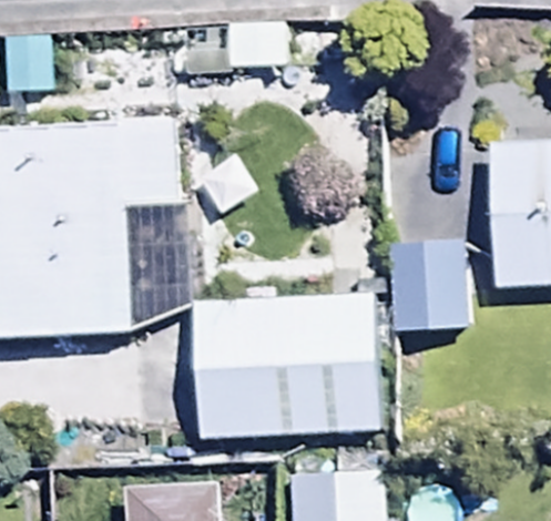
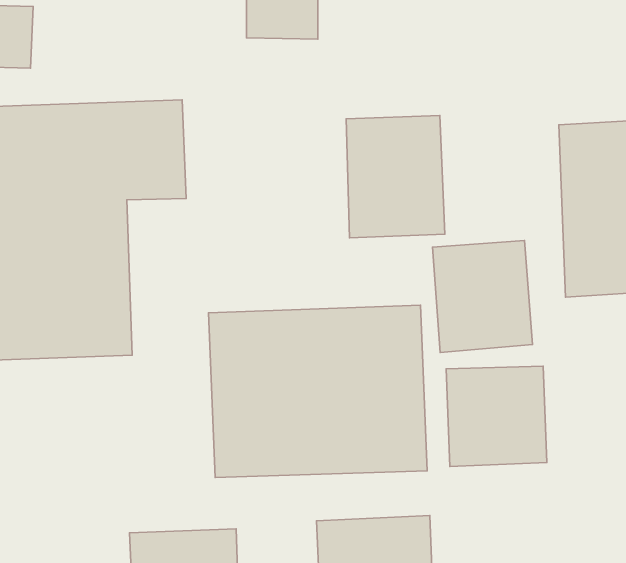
building: none -> [346,115,445,238]
building: none -> [446,366,547,466]

